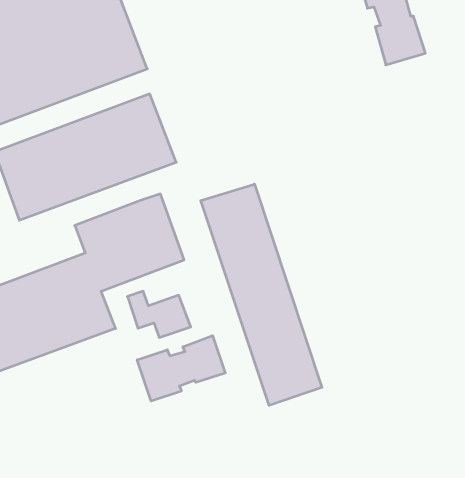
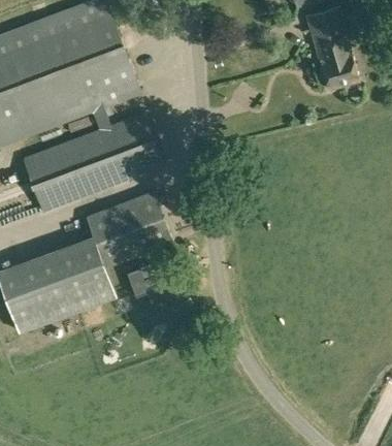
building: [201,184,322,405] -> none
building: [137,336,225,401] -> none

